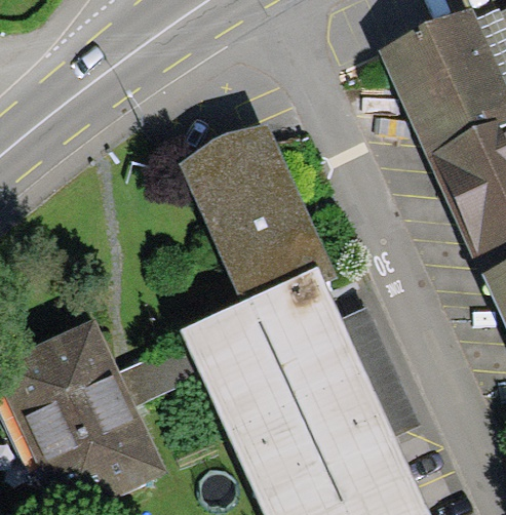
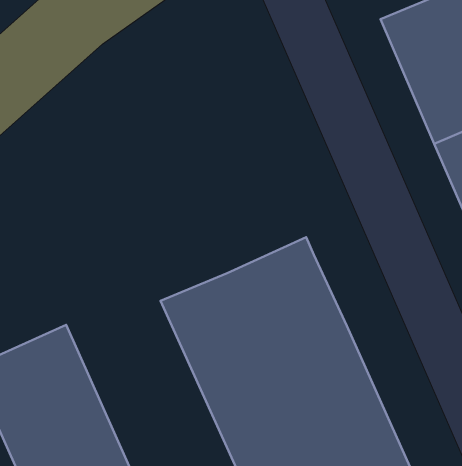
building: [180,118,336,296] -> none

